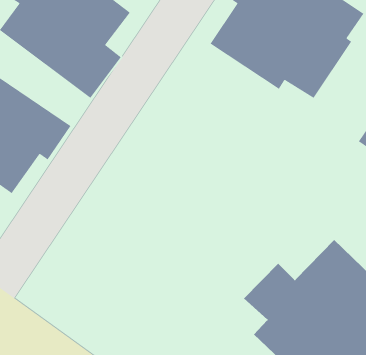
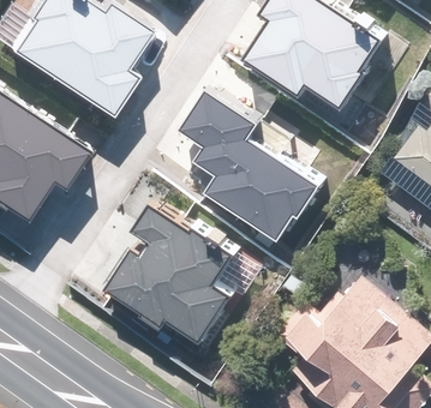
building: none -> [180,80,333,247]
building: none -> [102,200,229,342]

